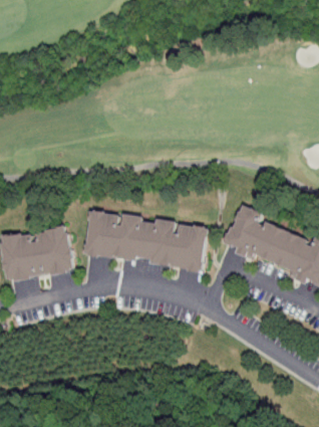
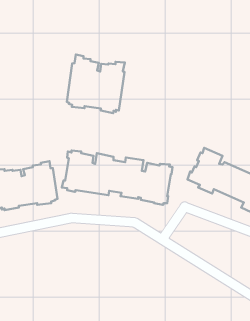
building: none -> [67,55,125,113]

